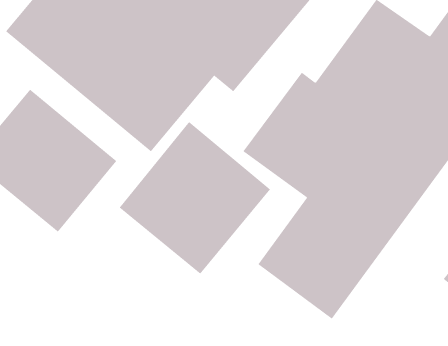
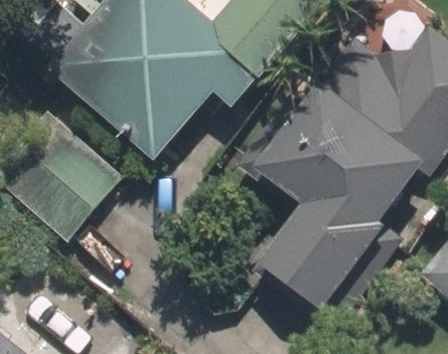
building: [119,121,271,275] -> none

